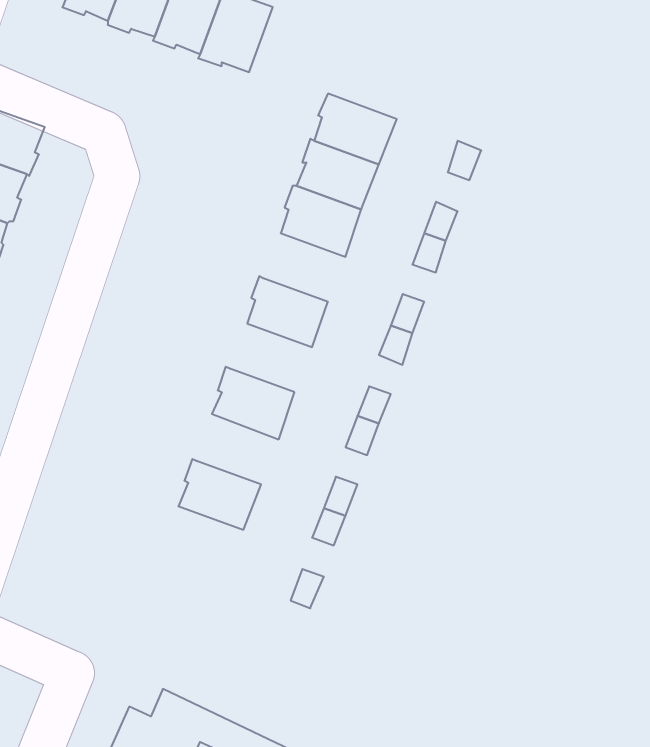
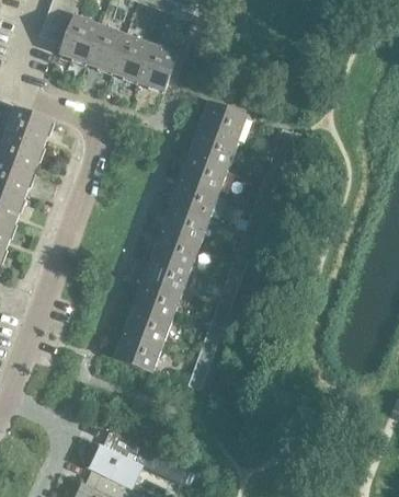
building: none -> [172,178,218,218]
building: none -> [153,229,200,268]
building: none -> [135,280,181,320]
building: none -> [115,331,161,372]

